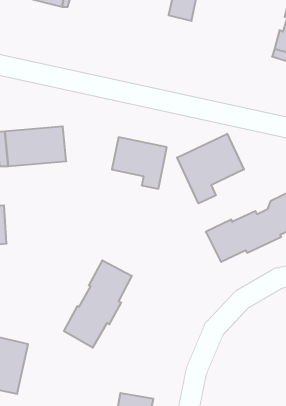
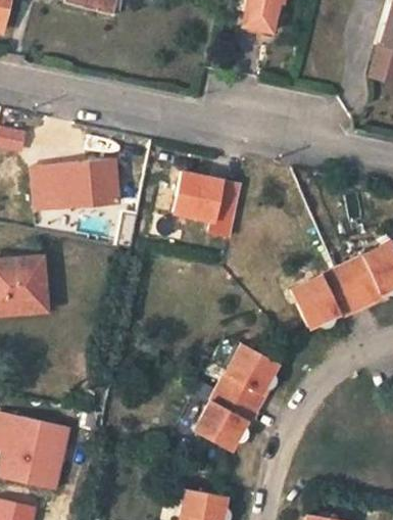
building: [177,134,244,203] -> none
building: [64,260,132,348] -> [193,342,277,450]

